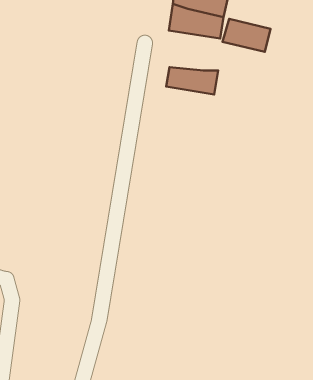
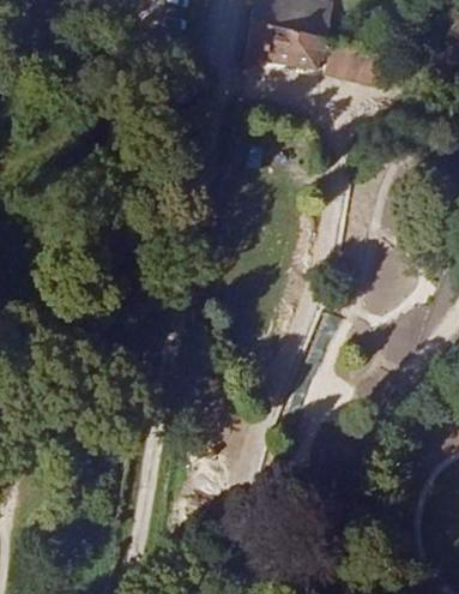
building: [166,67,218,94] -> none

